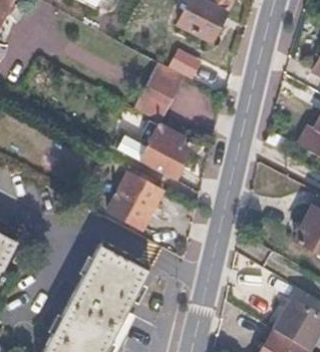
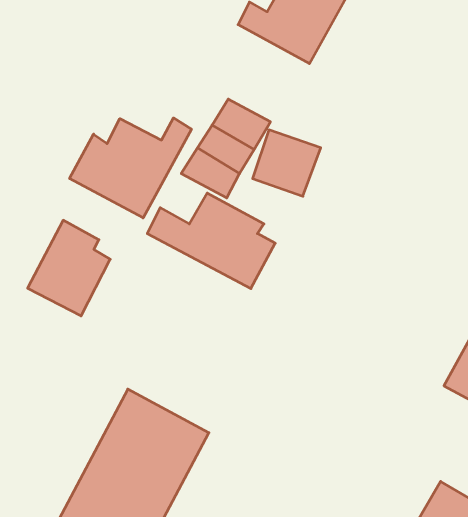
building: none -> [70,118,191,218]
building: [108,167,159,227] -> [28,220,110,316]

